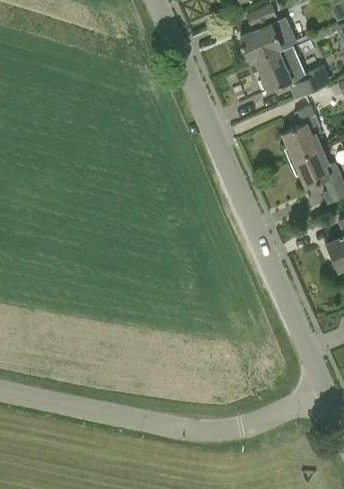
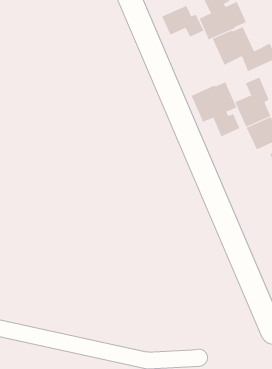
building: none -> [162,5,204,38]
building: none -> [191,81,240,137]

